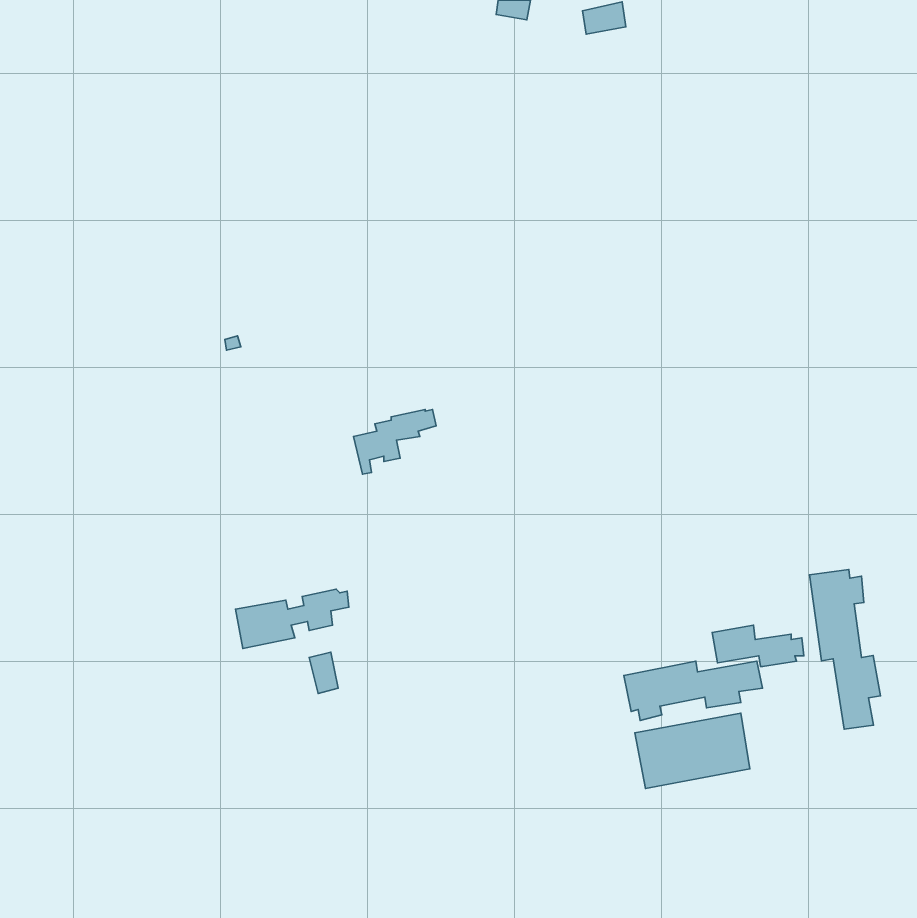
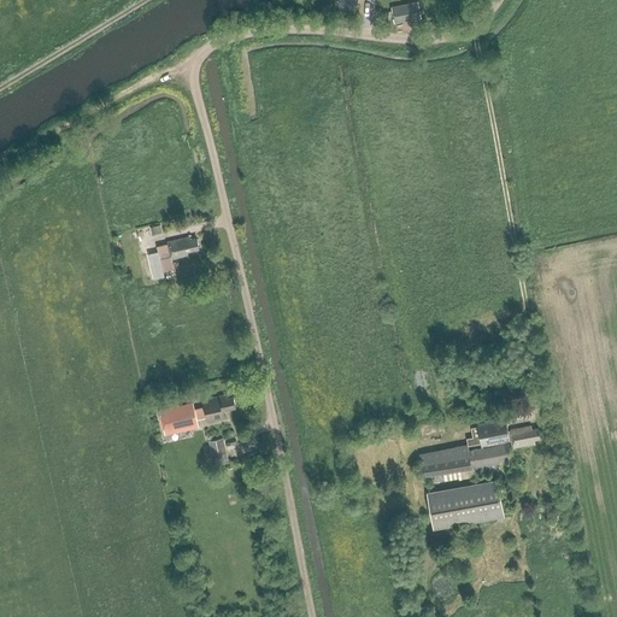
building: [353,410,436,474] -> [142,237,198,281]
building: [810,569,880,729] -> none

